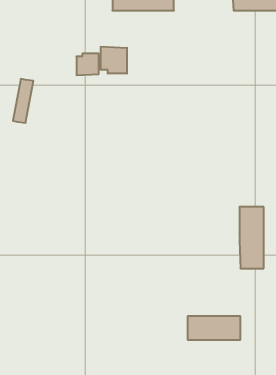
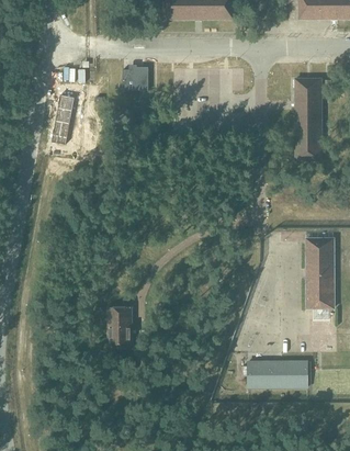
building: [101,47,127,74] -> none
building: none -> [294,78,331,161]
building: none -> [108,307,133,348]

